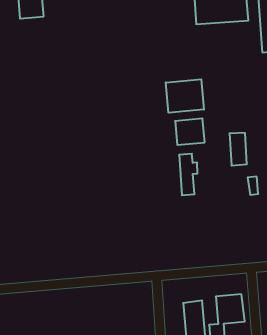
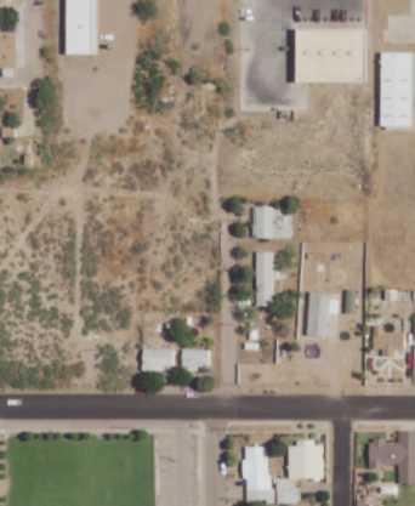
building: [166,79,204,113] -> none
building: [229,133,247,166] -> [308,294,330,336]
building: none -> [182,349,209,373]
building: none -> [142,349,174,370]

